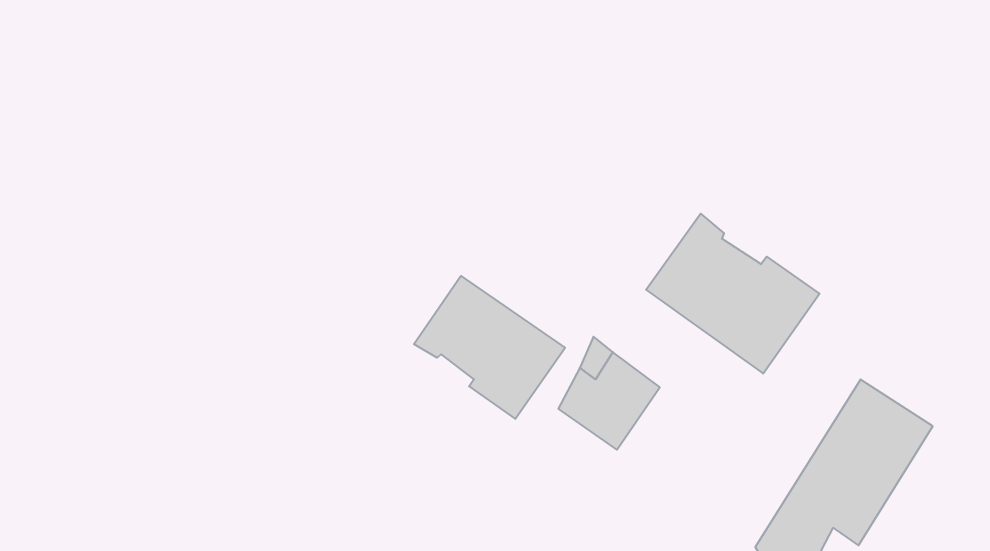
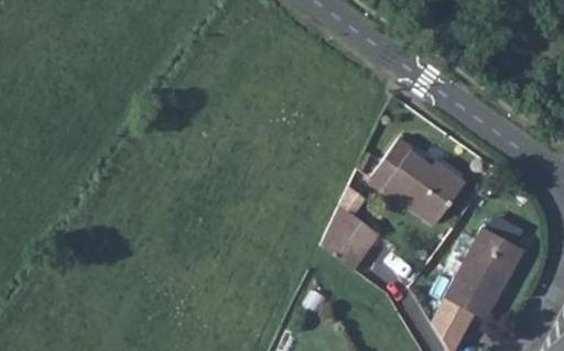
building: [414,276,565,419] -> none

